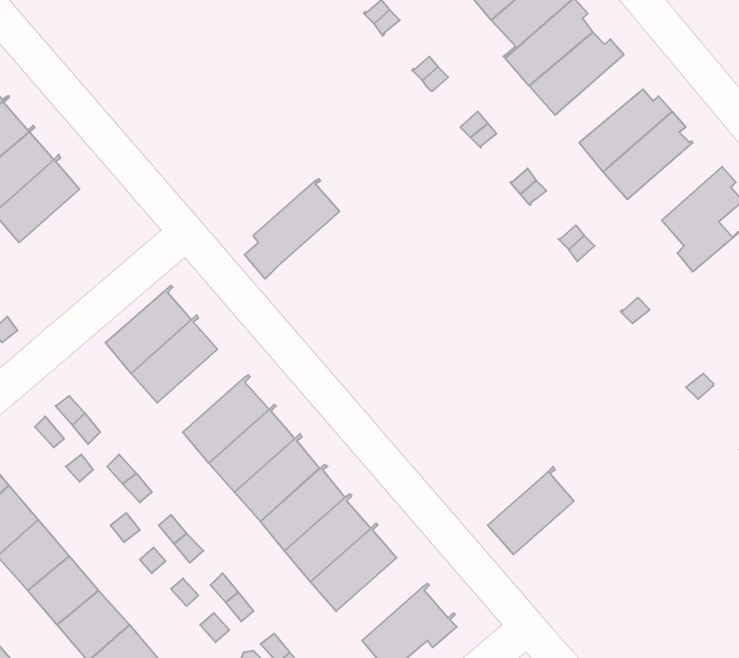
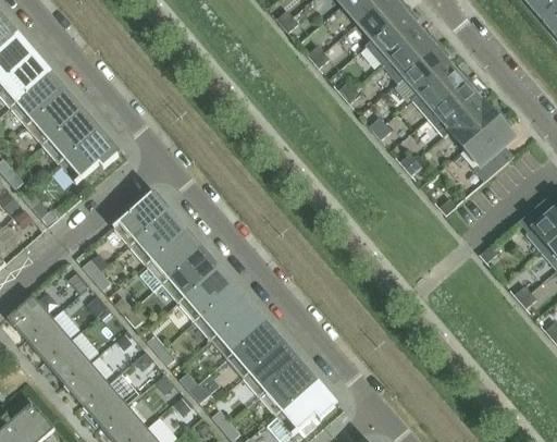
building: none -> [397,44,453,99]
building: none -> [443,99,503,148]
building: [245,179,339,279] -> [140,228,200,291]
building: none -> [59,126,119,182]
building: [488,467,574,554] -> [259,358,313,414]

